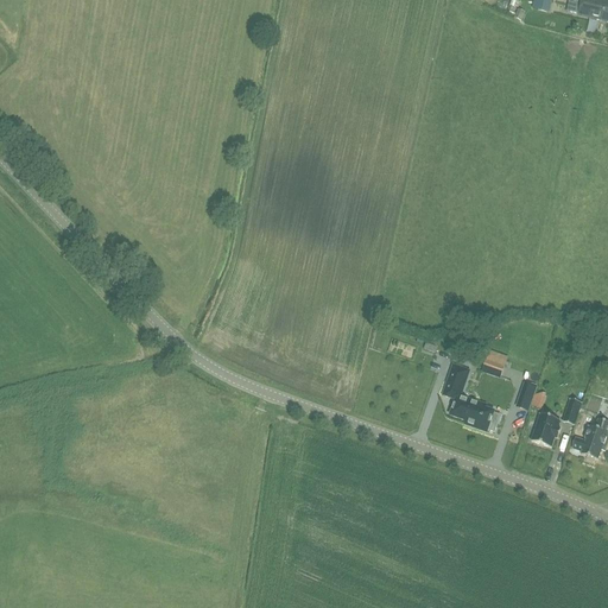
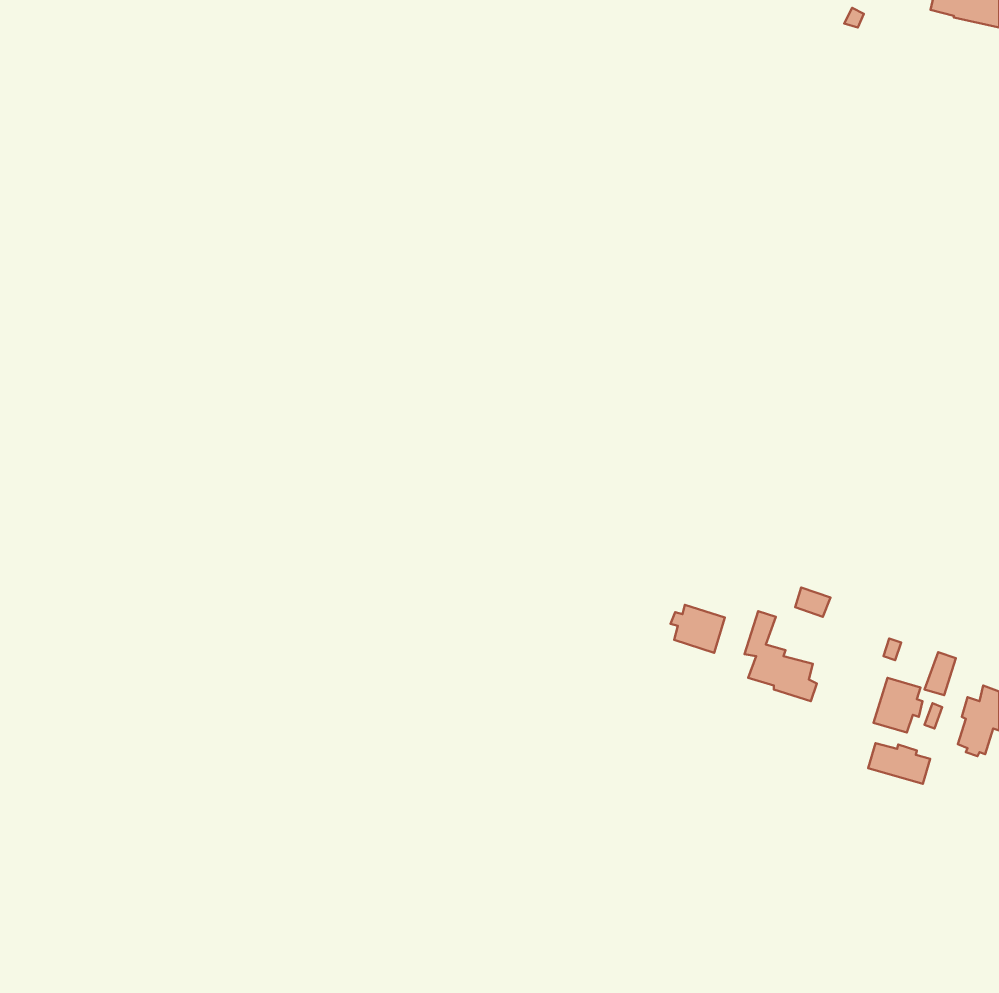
building: none -> [671,605,725,653]
building: none -> [868,743,930,784]

